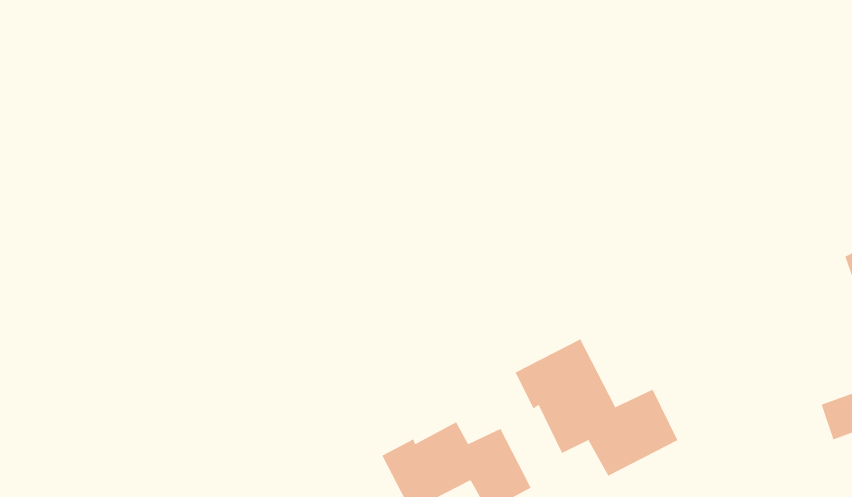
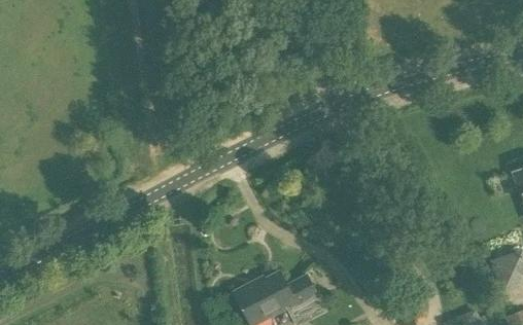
building: [515,339,678,476] -> none

